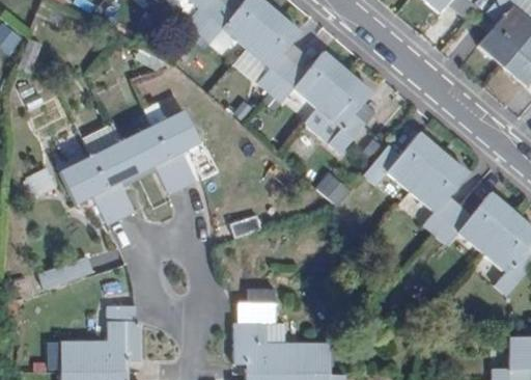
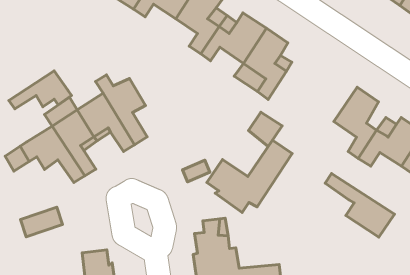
building: none -> [9,71,71,109]
building: [363,132,444,189] -> none
building: none -> [207,140,292,212]
building: none -> [325,173,394,237]

